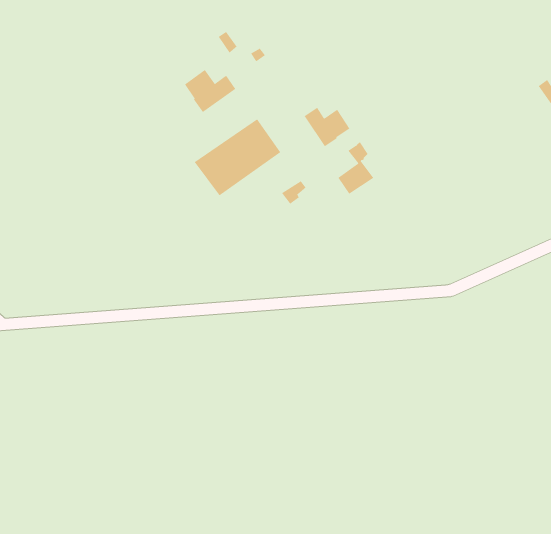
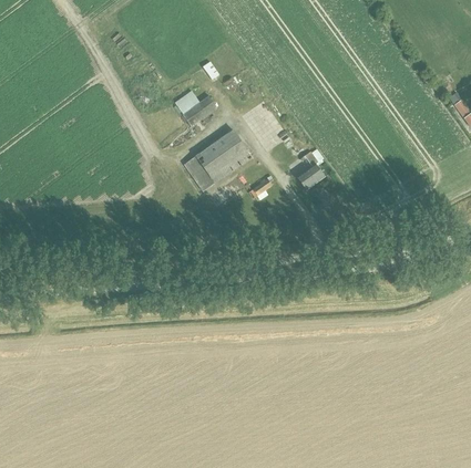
building: [304,107,350,147] -> none

